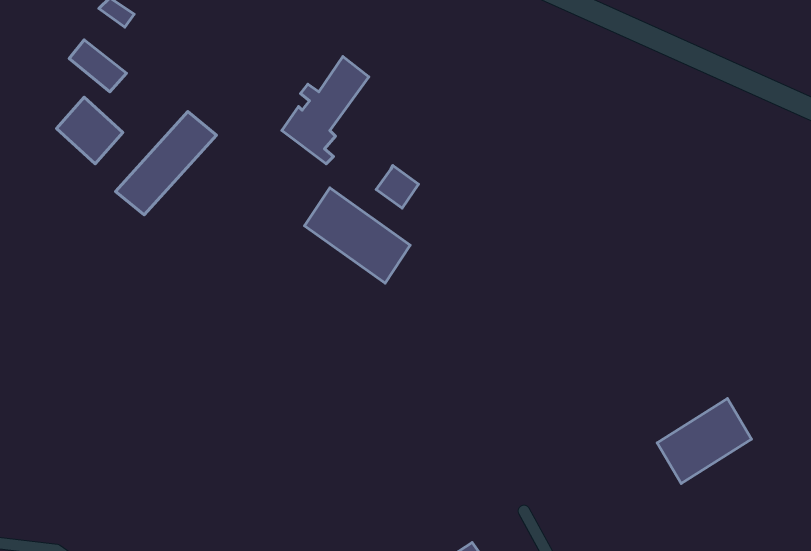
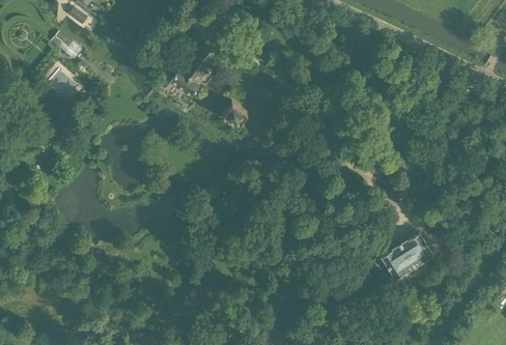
building: [115,111,217,215] -> none
building: [305,188,410,283] -> none

